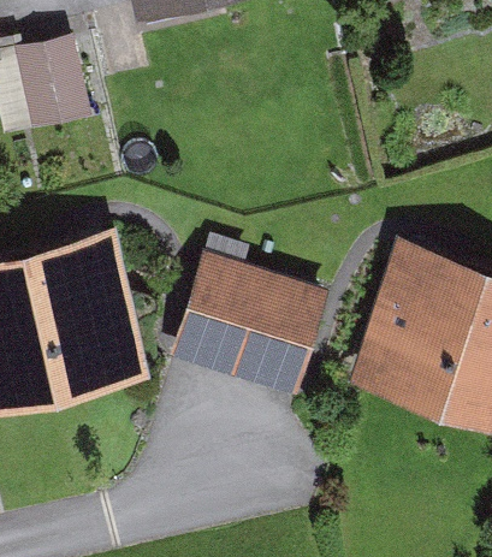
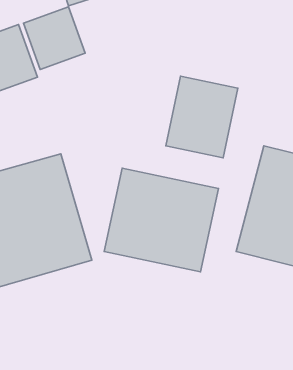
building: none -> [23,7,85,70]
building: none -> [166,76,238,158]

